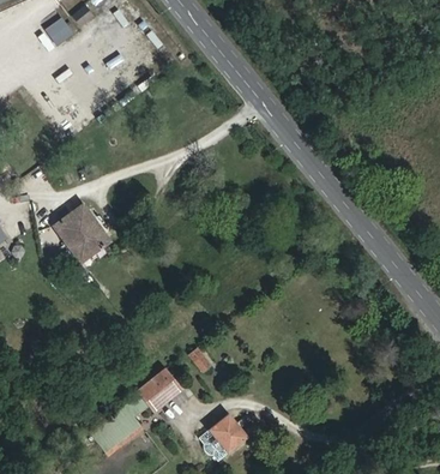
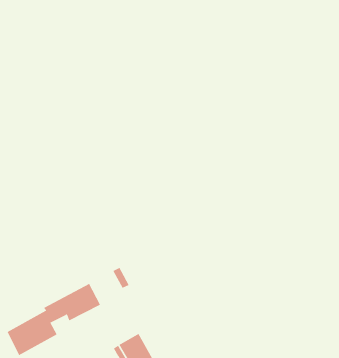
building: [53,203,109,262] -> none

